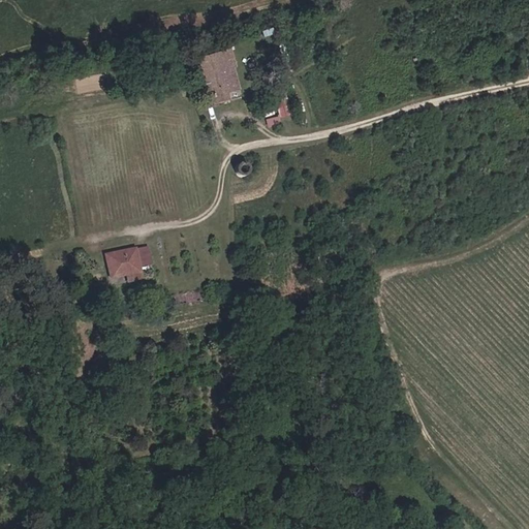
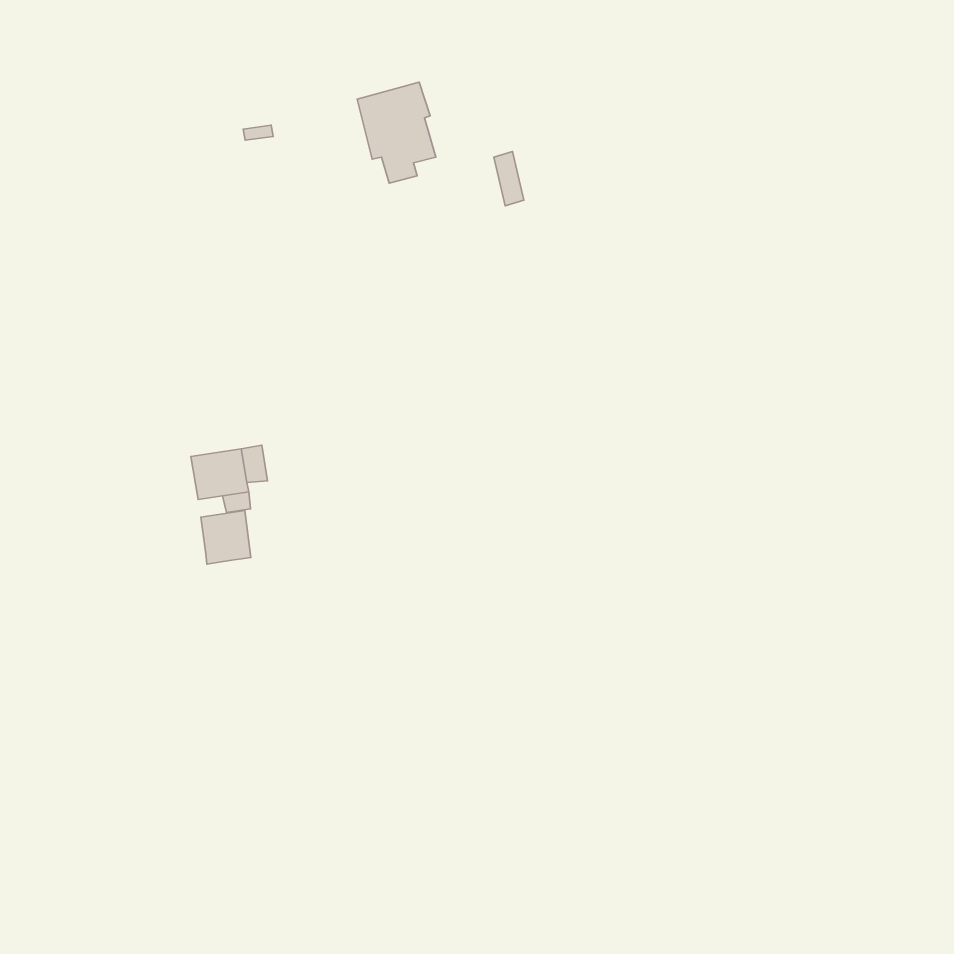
building: none -> [201,511,251,564]

